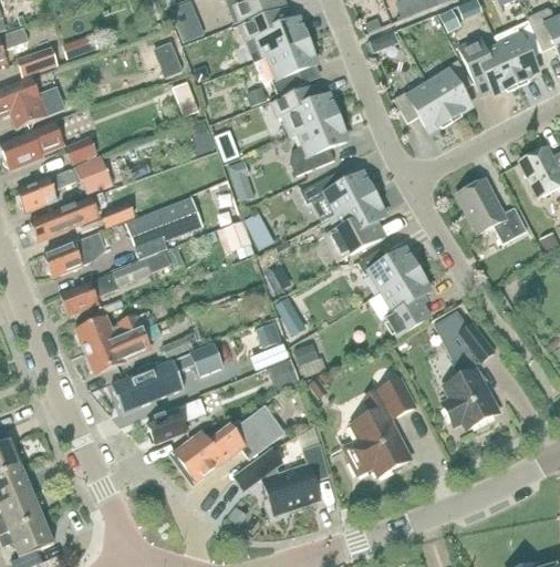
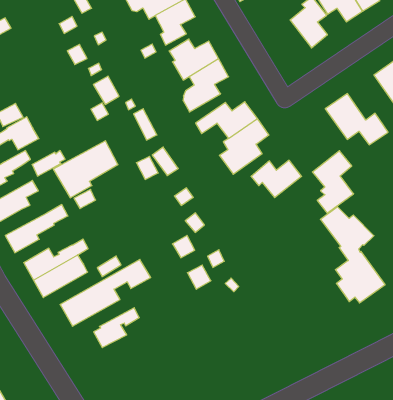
building: [394,82,450,131] -> none
building: [383,269,431,341] -> [312,151,354,213]
building: [344,378,416,475] -> none
building: [174,404,286,482] -> none
building: [235,443,329,513] -> none

